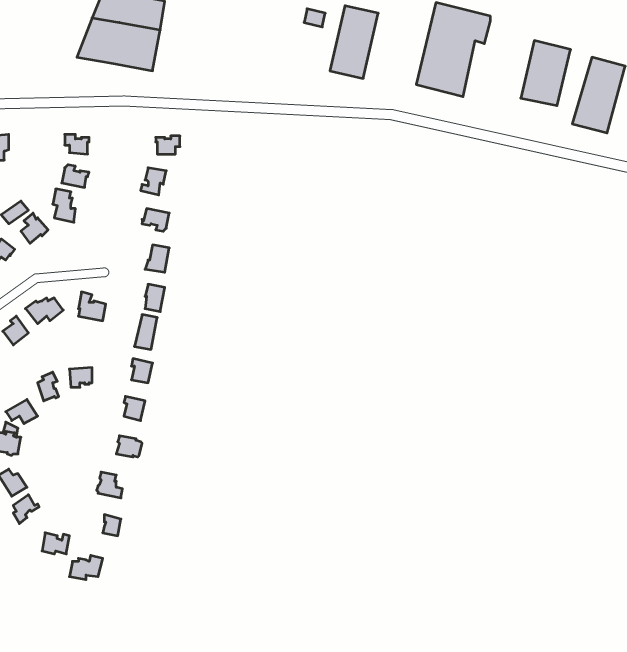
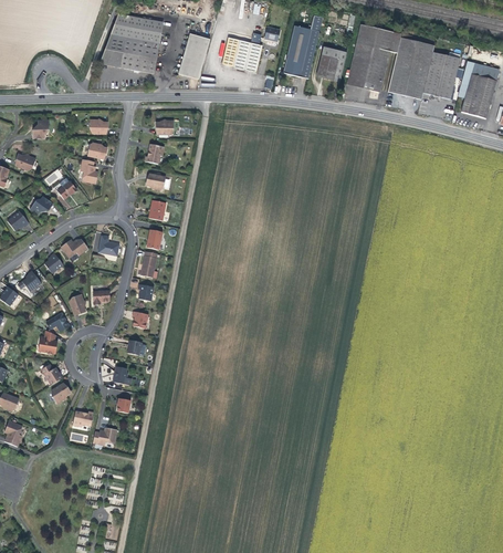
building: none -> [179,34,209,80]
building: none -> [387,36,433,98]
building: none -> [233,40,262,73]
building: none -> [317,48,347,82]

